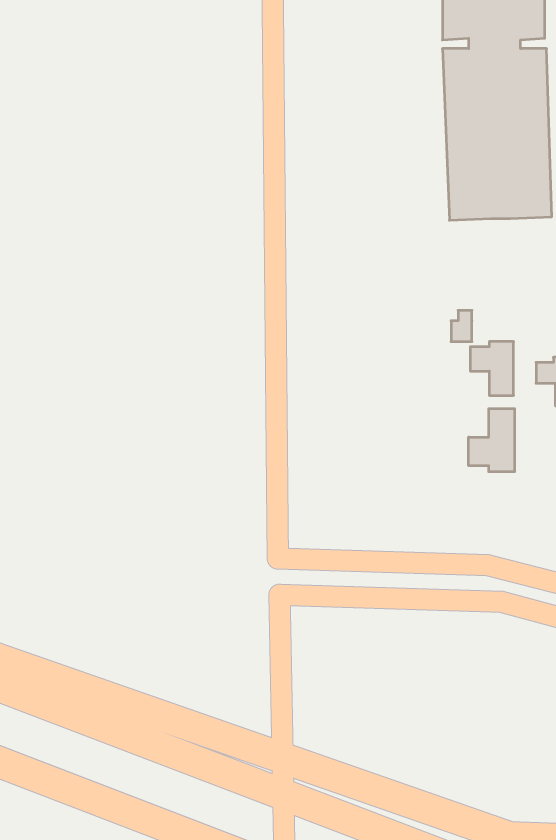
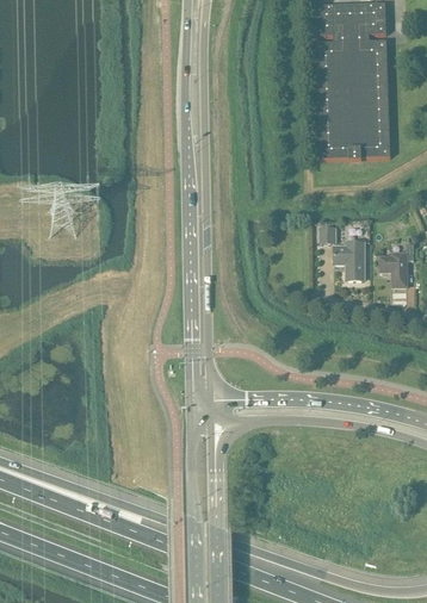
building: [469,409,515,472] -> none

